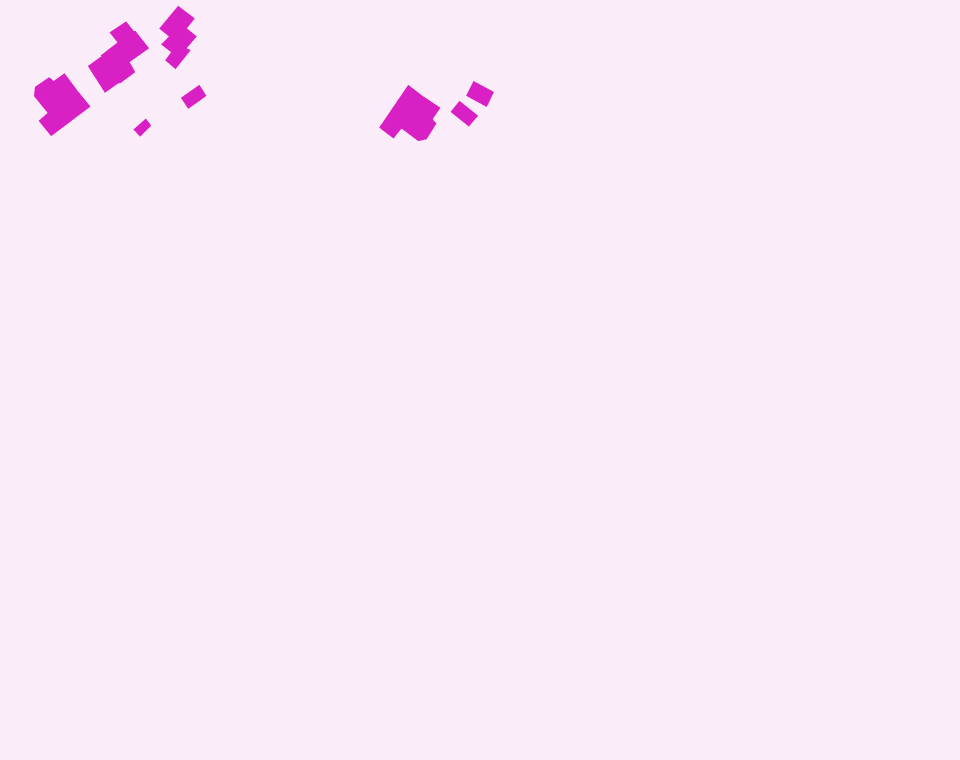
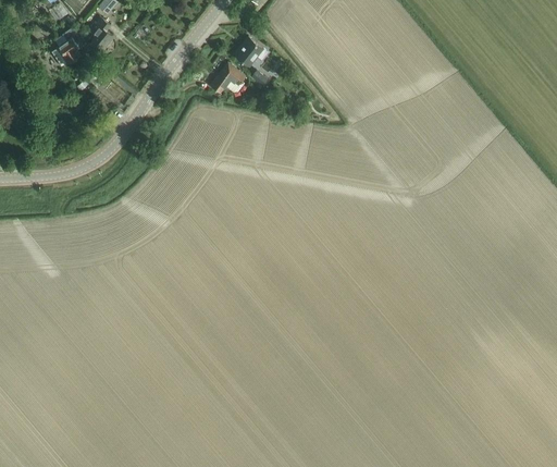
building: none -> [232,38,267,67]
building: [33,72,91,137] -> none

